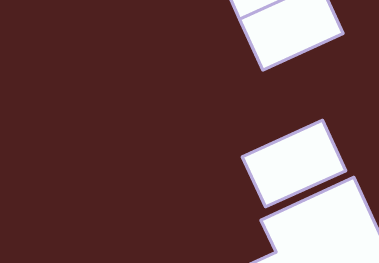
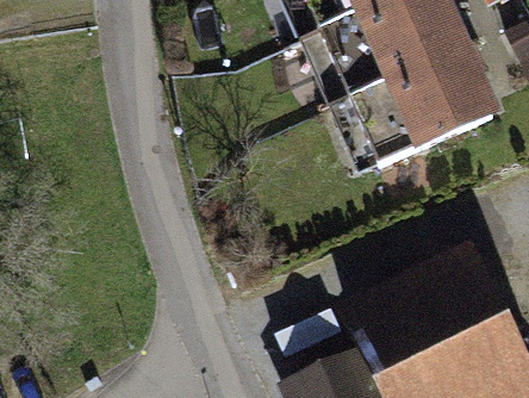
building: [242,120,346,207] -> [363,63,502,179]

